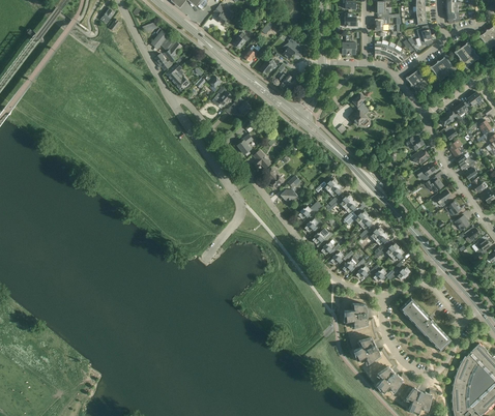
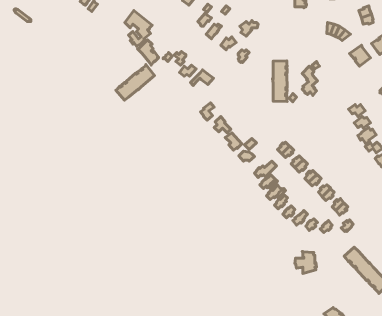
building: none -> [273,61,287,102]
building: none -> [116,65,155,100]
building: [353,337,380,364] -> none

